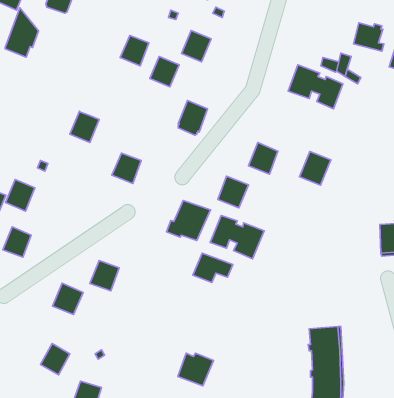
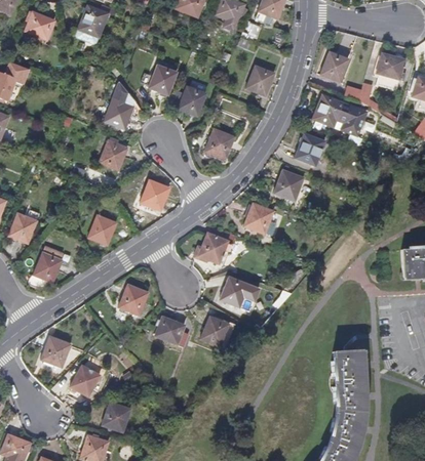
building: [5,8,39,57] -> [105,80,138,128]
building: none -> [321,51,349,81]
building: [182,30,211,62] -> [246,65,275,95]
building: [299,151,331,185] -> [295,132,325,165]
building: [6,180,35,211] -> [88,214,117,245]
building: [210,215,264,259] -> none
building: [53,283,83,315] -> [41,335,71,366]
building: none -> [155,316,189,345]
building: [178,353,213,386] -> [201,316,236,347]

